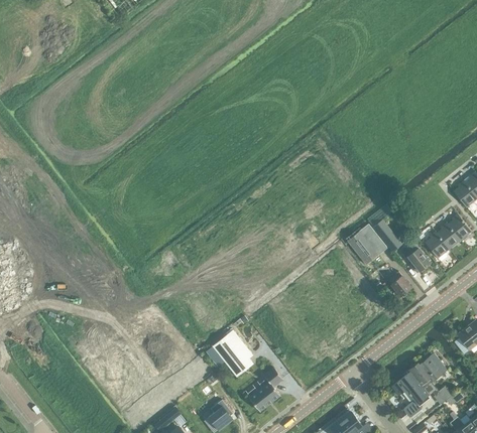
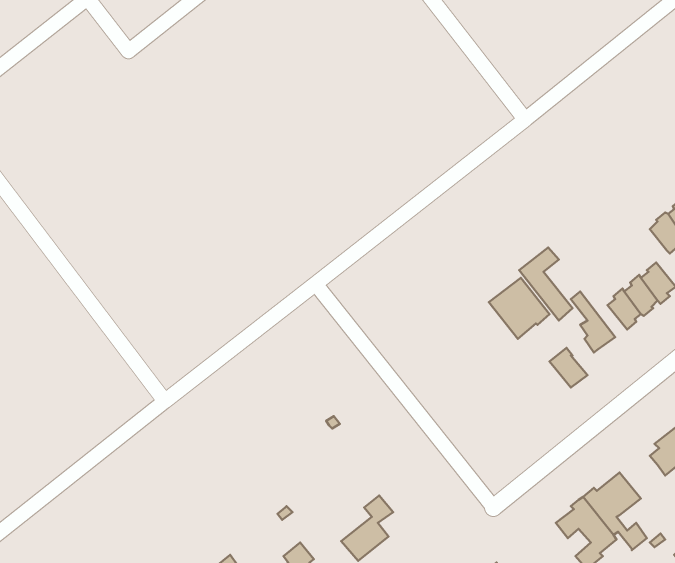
building: [212,329,252,376] -> none

